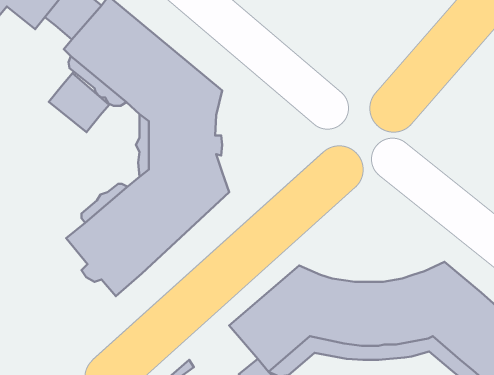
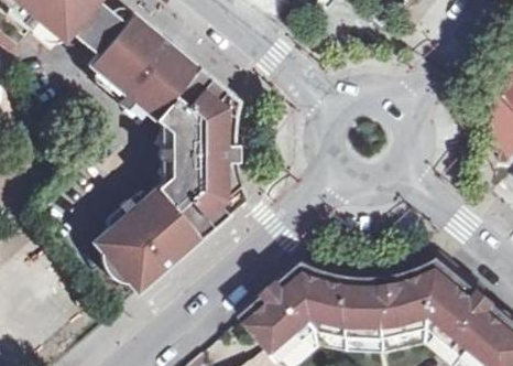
building: [49,73,109,132] -> none

